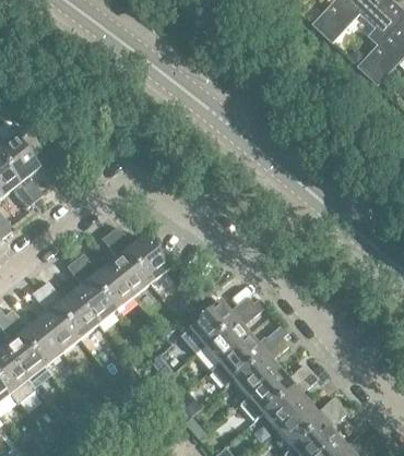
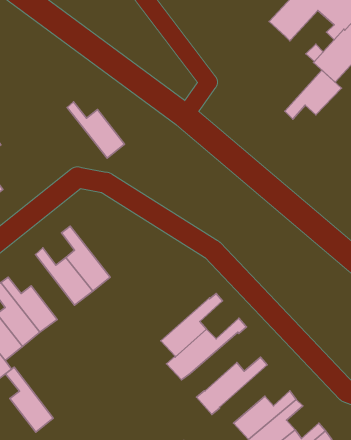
building: none -> [285,70,342,119]
building: [110,227,168,284] -> [67,102,124,158]
building: [67,261,115,326] -> [6,367,53,432]
building: [188,297,251,348] -> none
building: [231,339,286,398] -> none
building: [261,372,316,431] -> none

